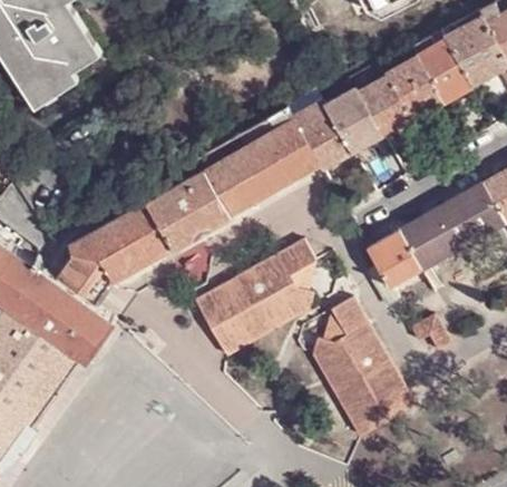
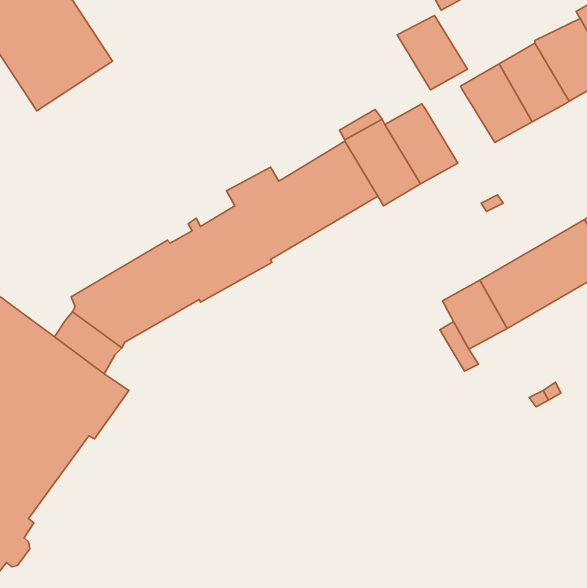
building: [353,77,410,137] -> [397,15,468,90]
building: [196,238,314,355] -> none
building: [311,295,412,432] -> none

